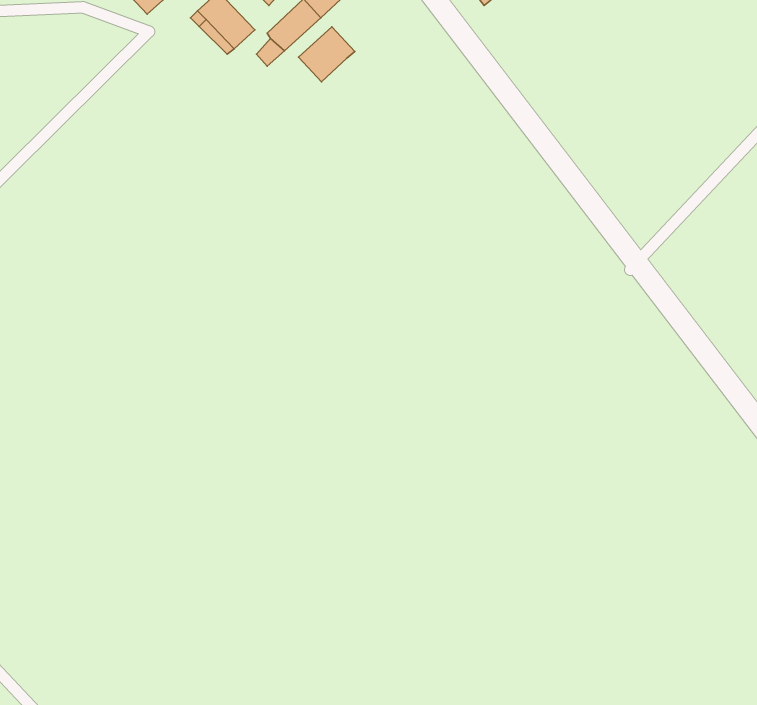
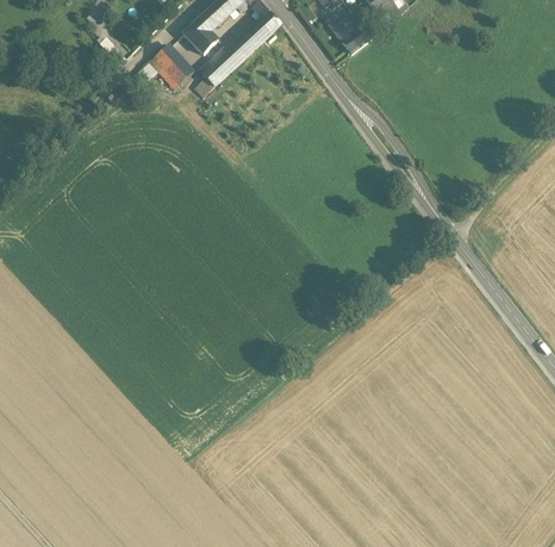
building: [298,27,355,82] -> none

